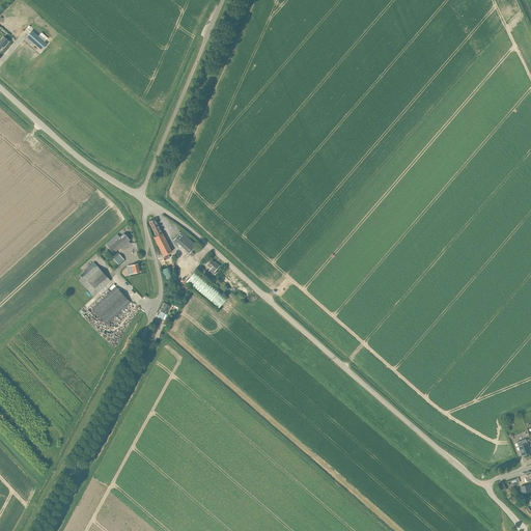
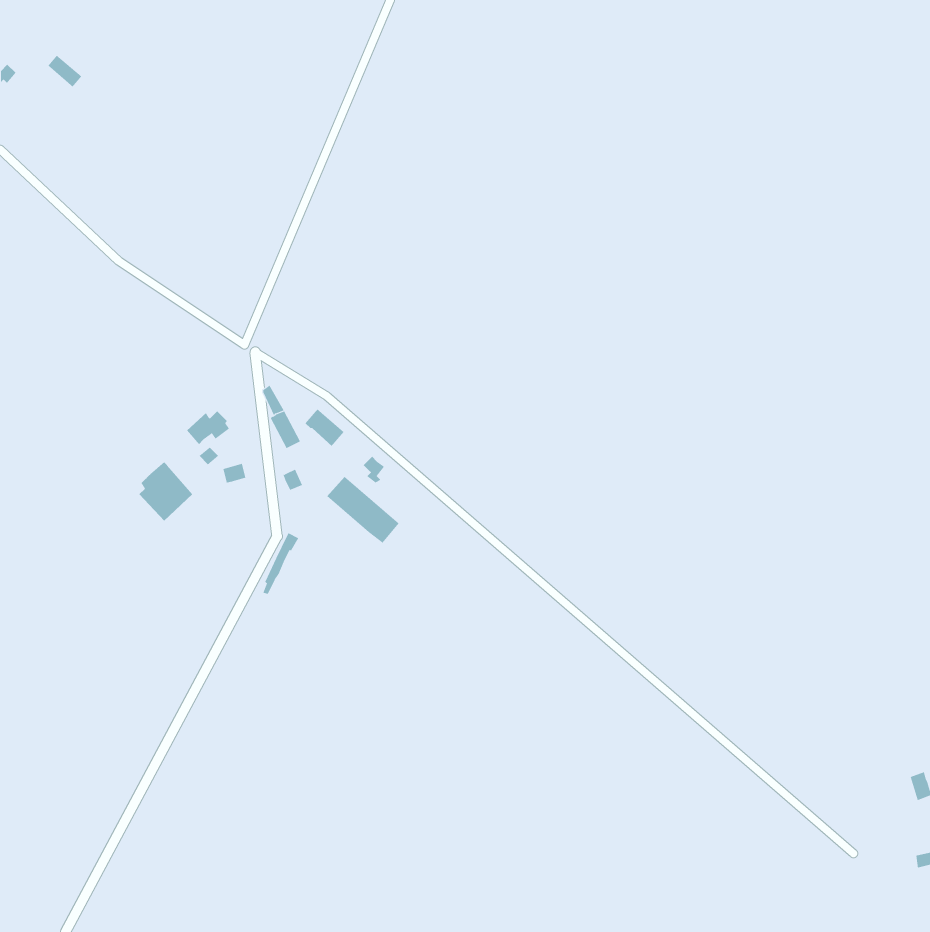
building: [93,286,131,324] -> none

